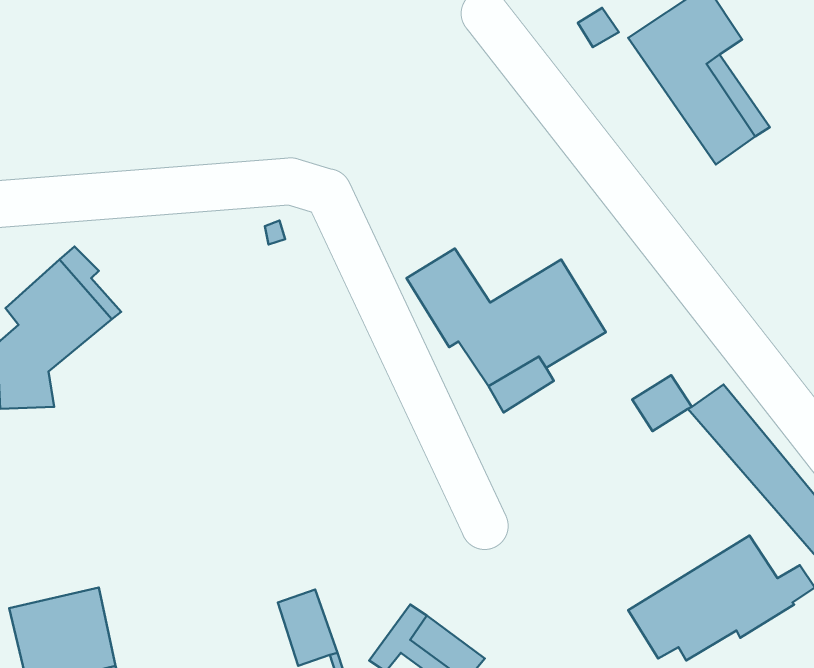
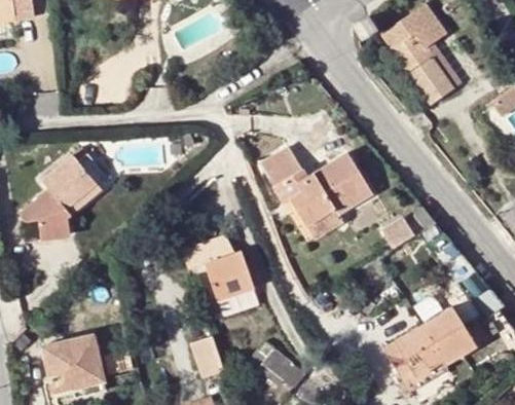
building: none -> [183,236,256,301]

